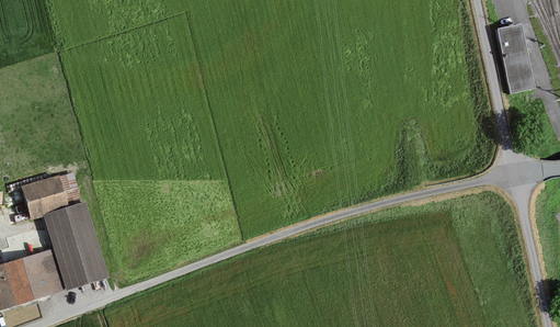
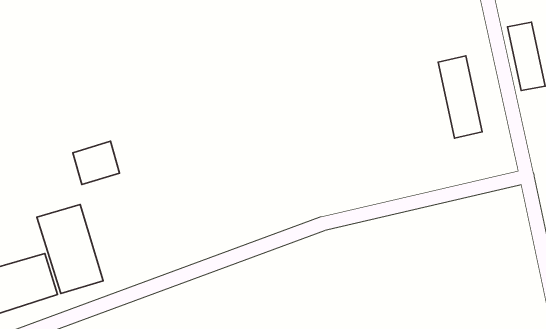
building: none -> [438,56,482,138]
building: [22,174,67,216] -> [73,141,120,185]

